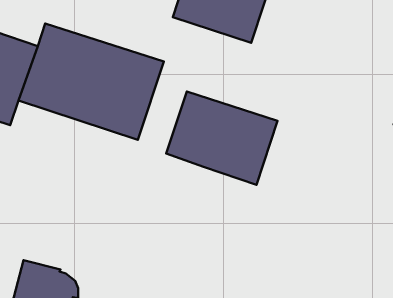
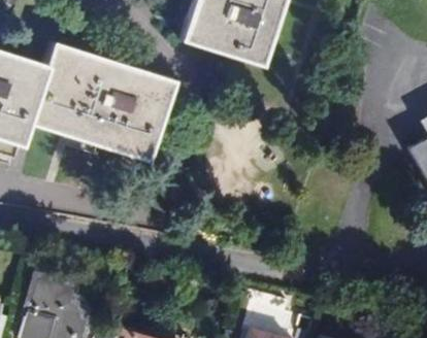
building: [166,92,277,185] -> none

